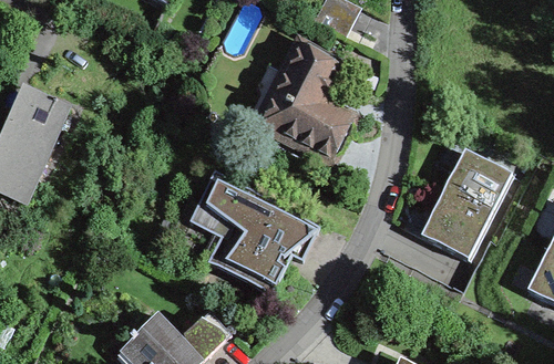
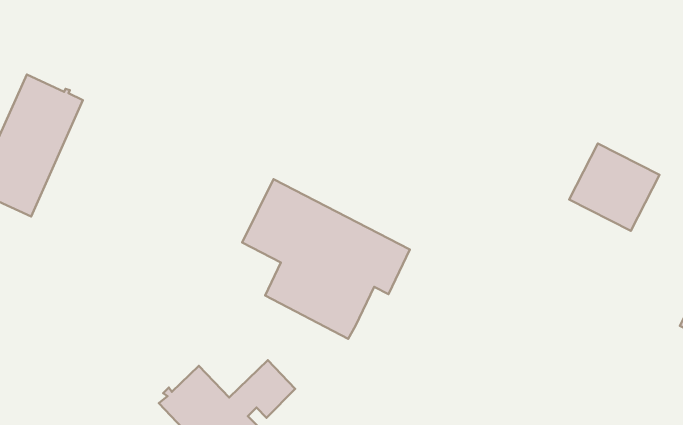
building: [257,44,352,160] -> none
building: [420,188,489,254] -> none

